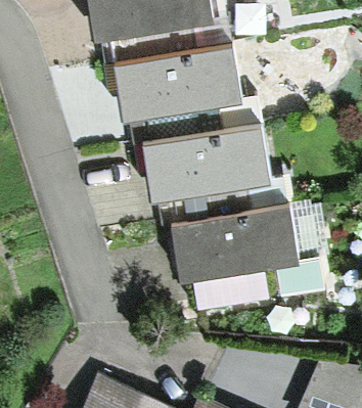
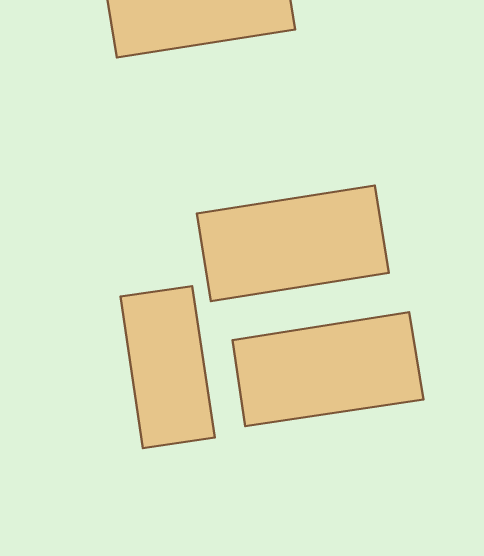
building: [118,46,243,122] -> none
building: none -> [120,286,215,448]

